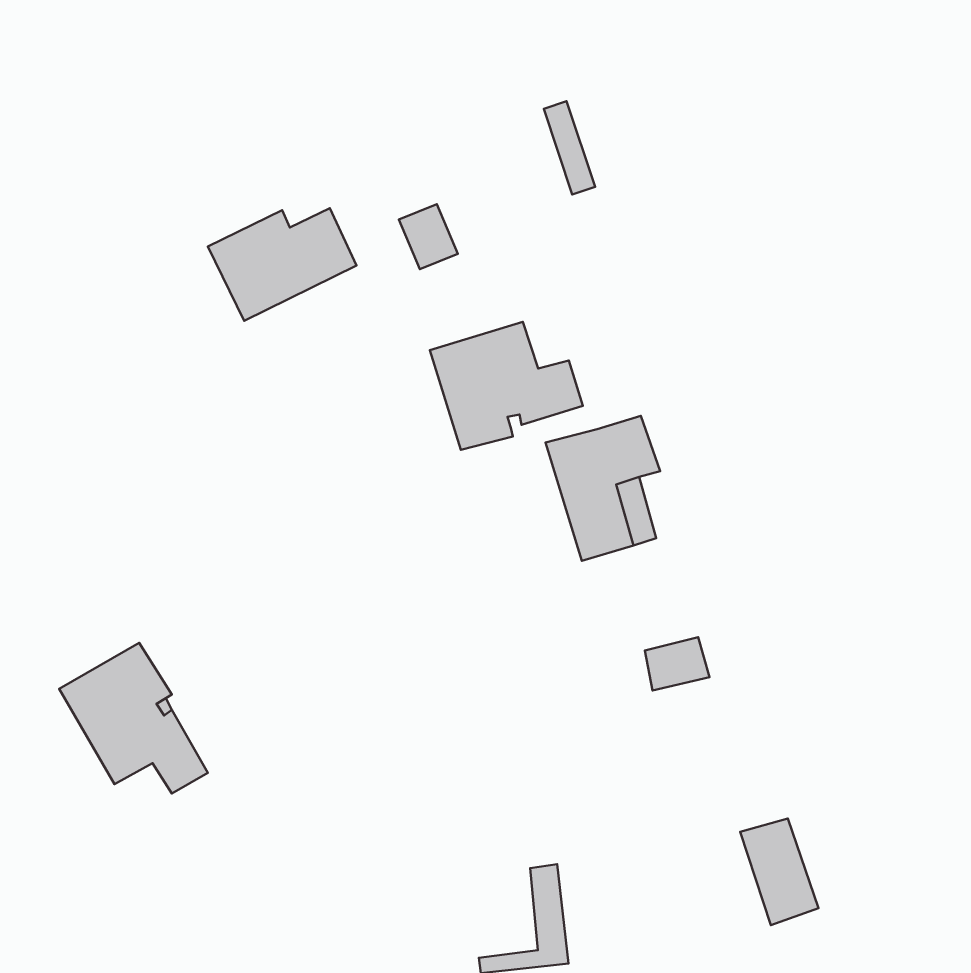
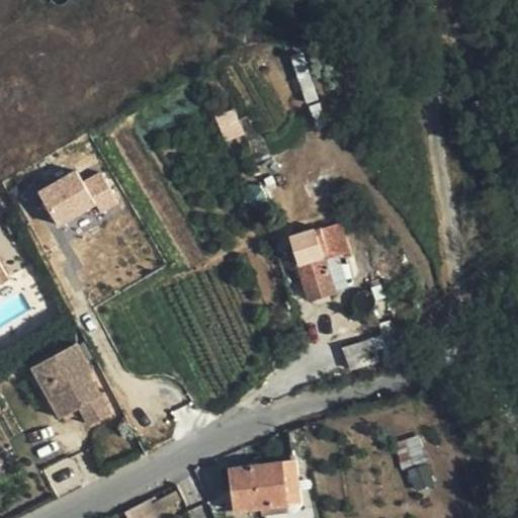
building: [208,208,357,321] -> [34,171,113,231]
building: [430,322,583,450] -> none
building: none -> [229,461,285,511]

